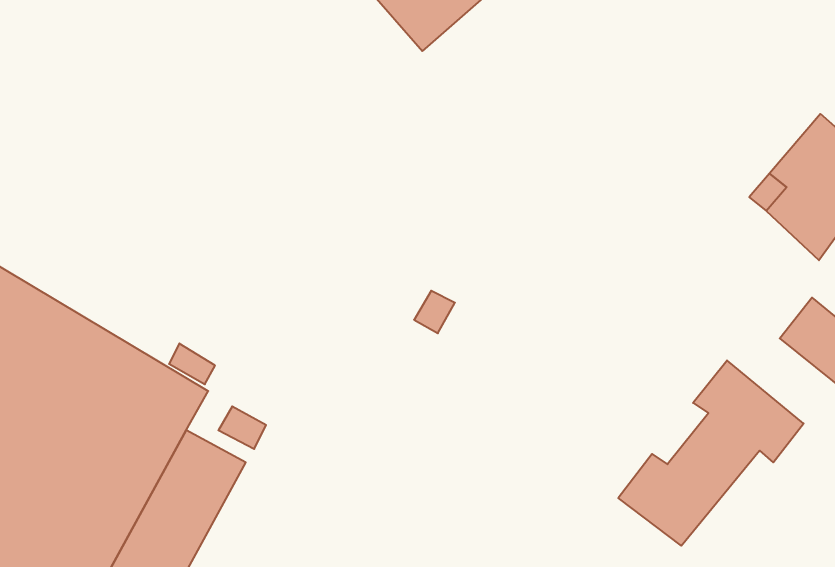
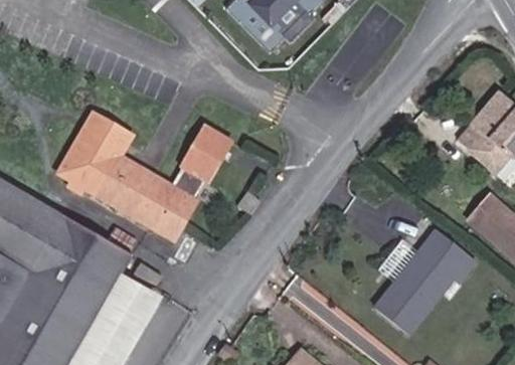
building: none -> [61,110,236,238]
building: none -> [377,246,424,294]

